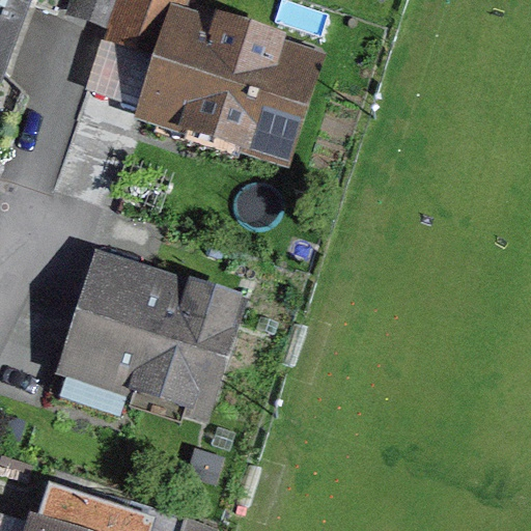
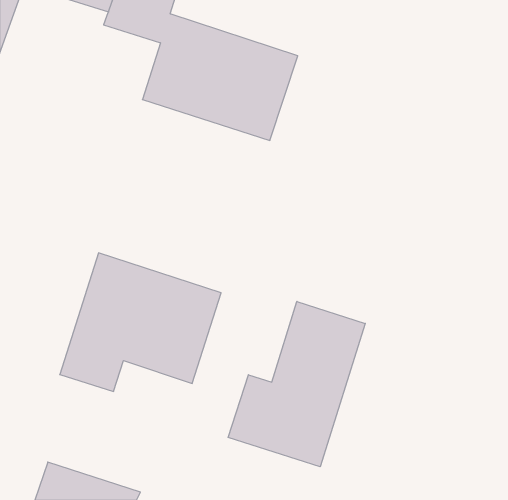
building: none -> [228,301,365,467]

